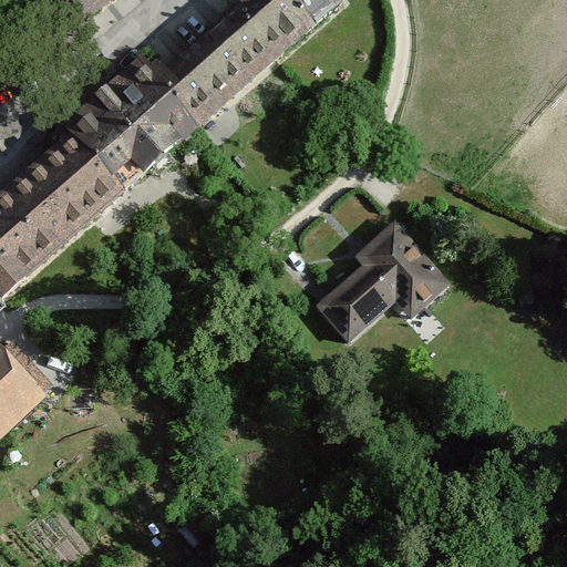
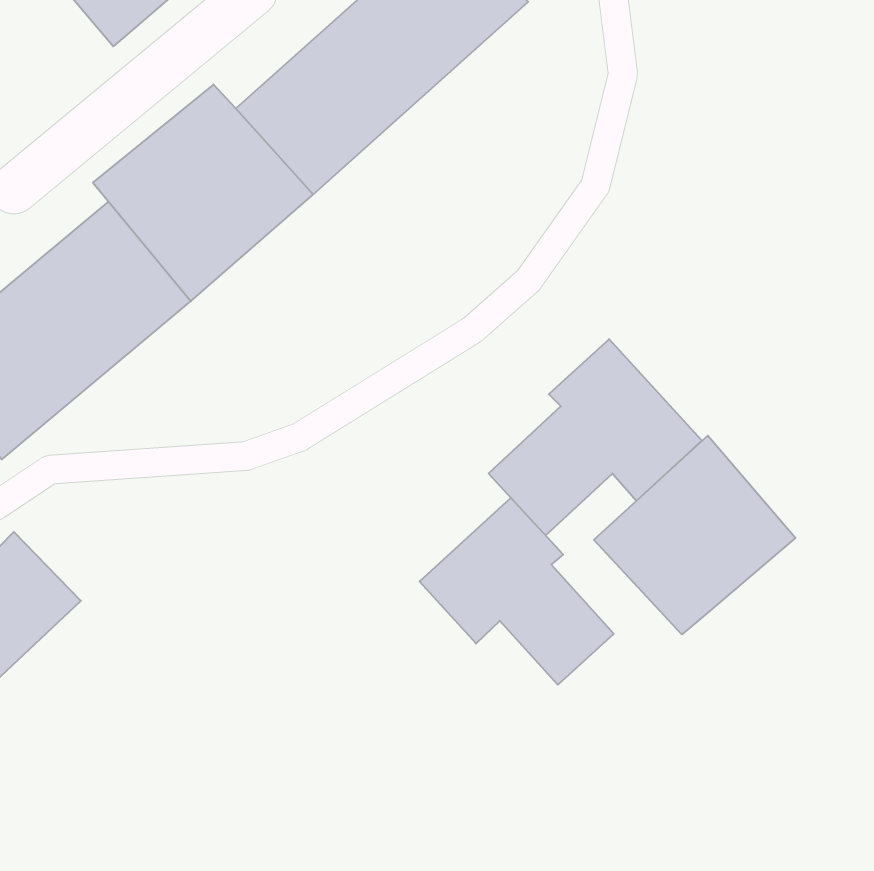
building: none -> [594,436,795,634]
building: none -> [420,498,614,685]

